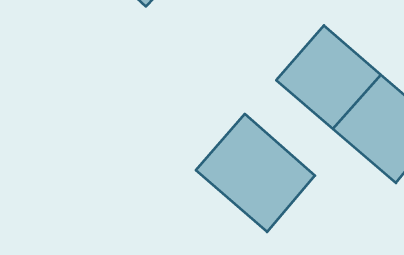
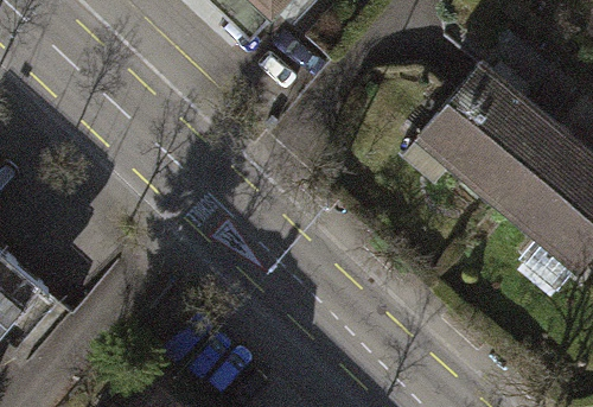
building: [196,114,315,232] -> none

